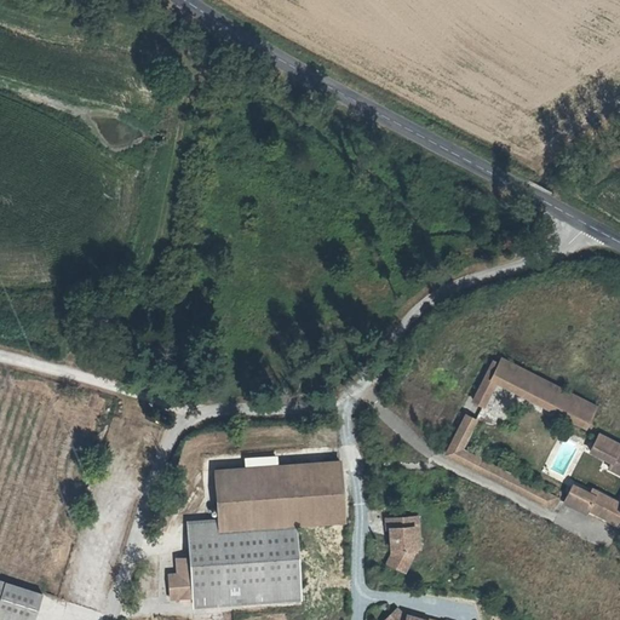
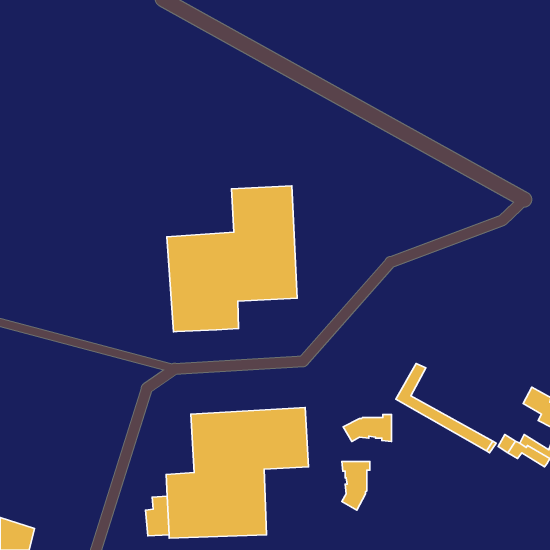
building: none -> [167,186,297,332]
building: [472,355,595,429] -> none
building: none -> [343,415,391,441]

